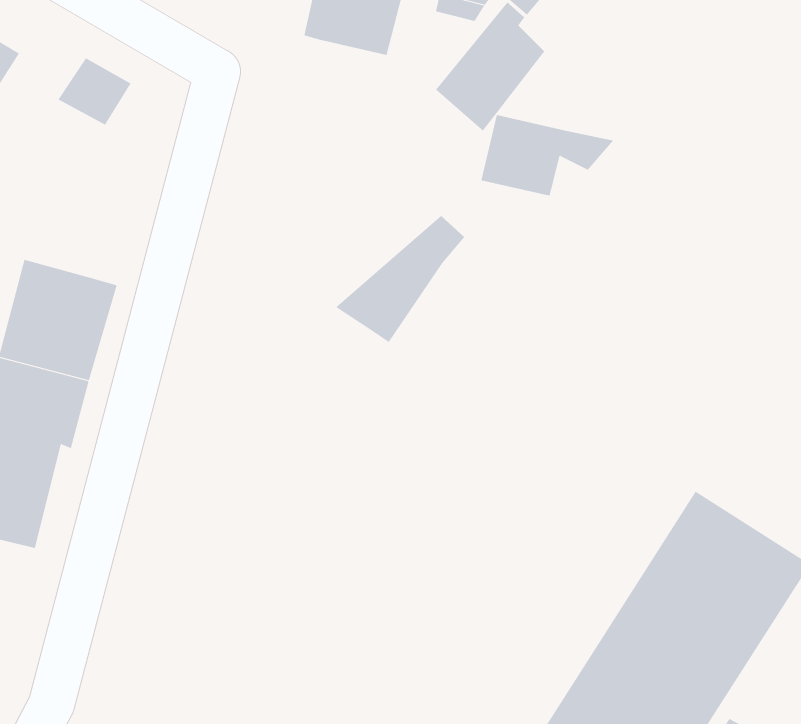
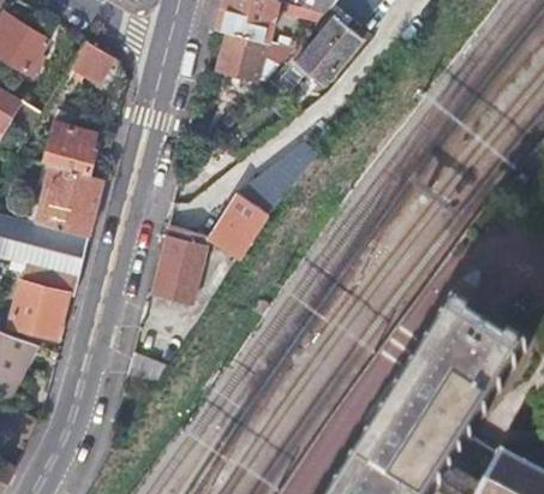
building: [480,114,614,196] -> [216,31,297,81]
building: none -> [41,119,97,174]
building: none -> [153,192,258,303]

